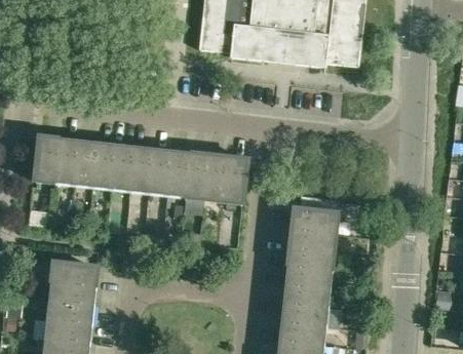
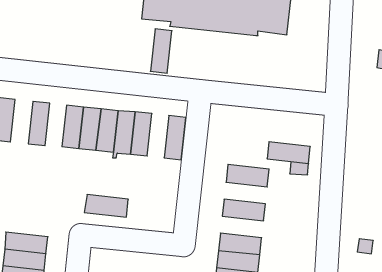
building: [54,137,79,186] -> none
building: [92,142,116,189] -> none
building: [204,153,228,201] -> [150,29,172,73]
building: [288,228,336,251] -> [267,142,310,163]
building: [49,263,98,287] -> [84,195,128,217]
building: [284,265,332,288] -> none

